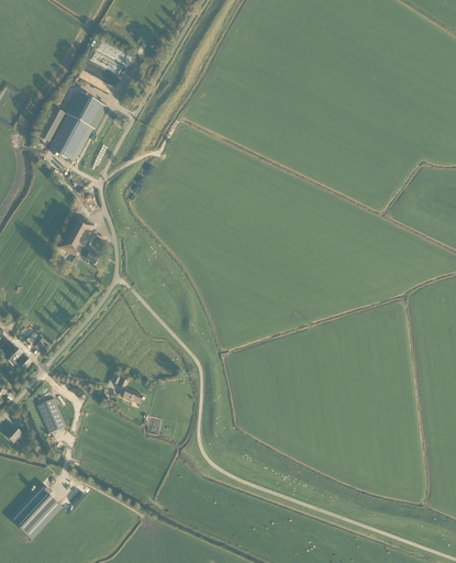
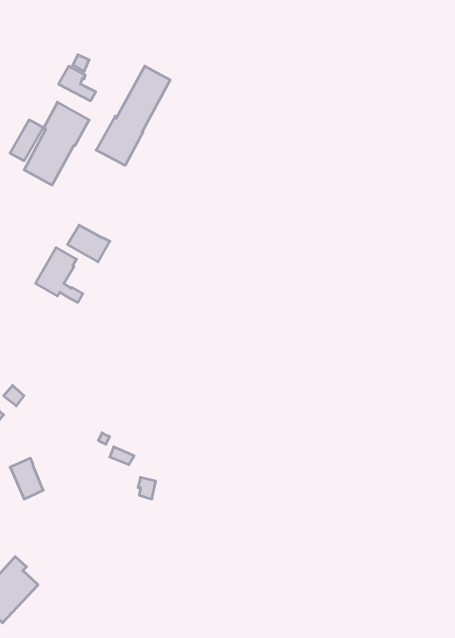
building: none -> [96,66,170,165]
building: none -> [68,225,110,262]

